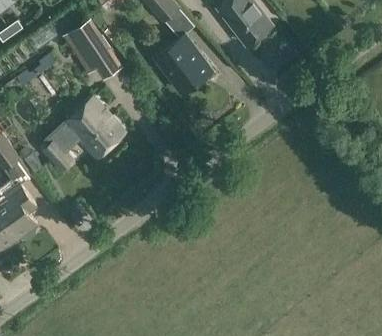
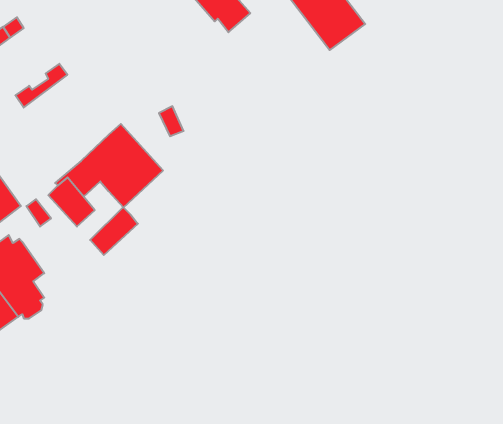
building: [63,17,123,78] -> none
building: [155,34,213,91] -> none
building: none -> [90,207,138,255]

